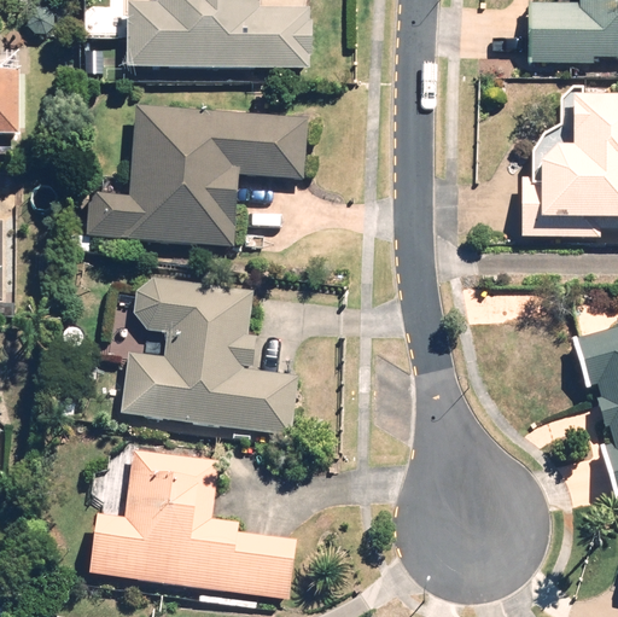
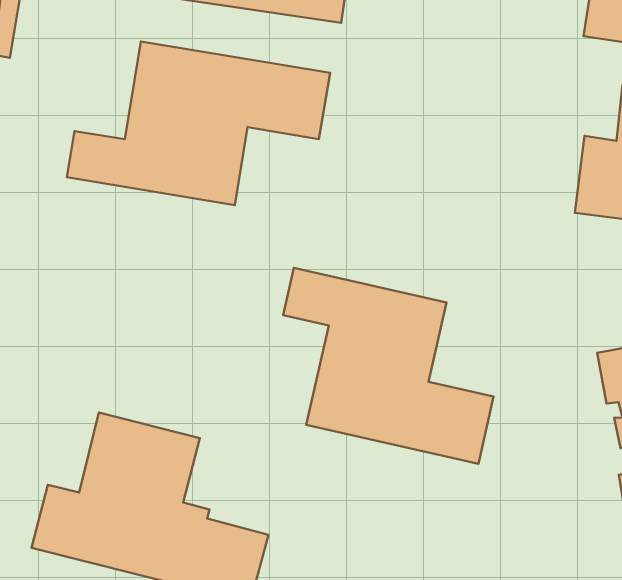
building: [121,279,298,433] -> none
building: none -> [283,268,493,464]

